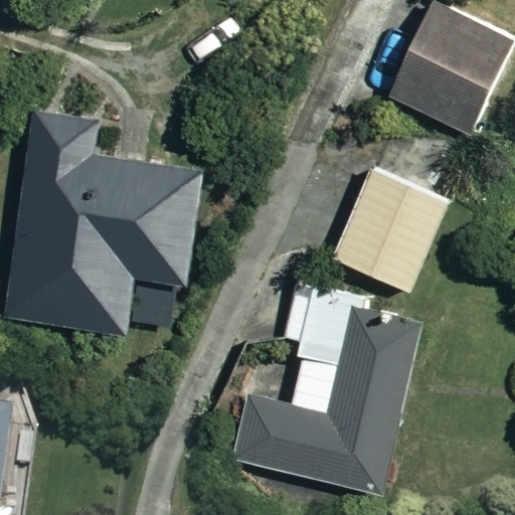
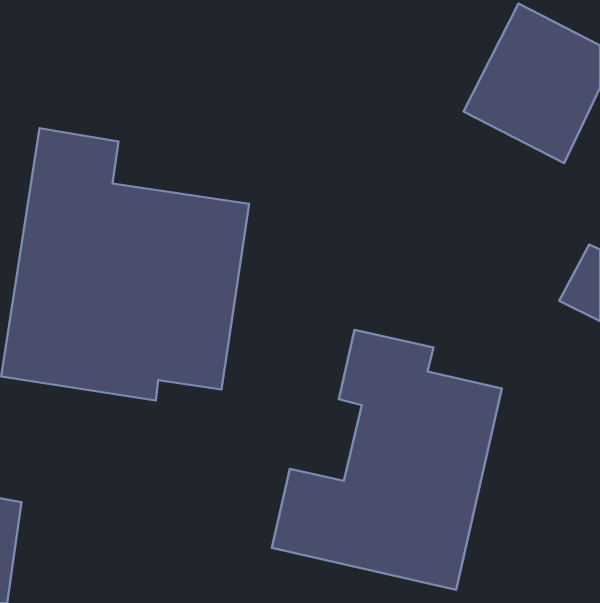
building: [331,167,450,293] -> none

